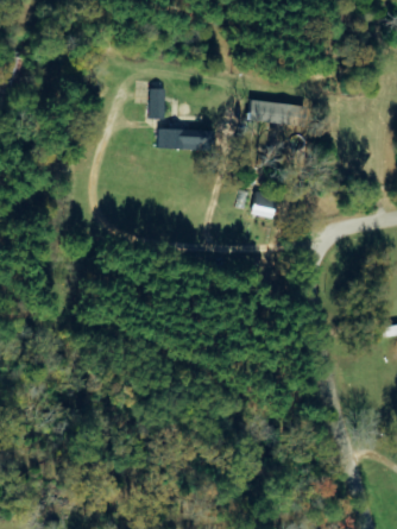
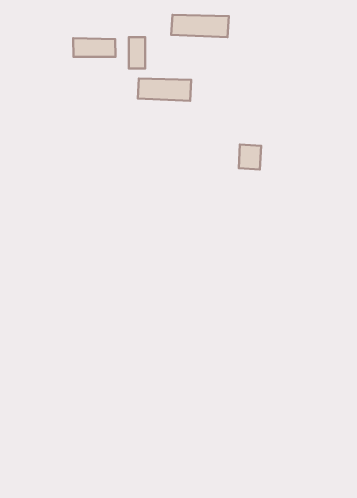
building: none -> [73,38,115,57]
building: [250,102,304,124] -> [171,15,229,37]

